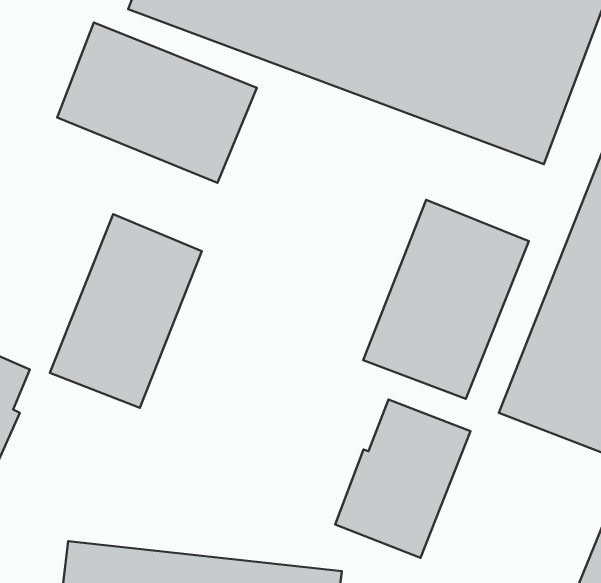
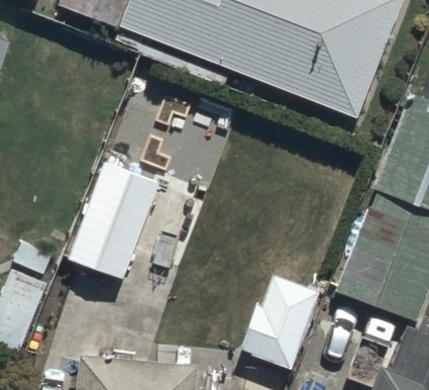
building: [57,23,257,183] -> none
building: [363,200,529,399] -> none

